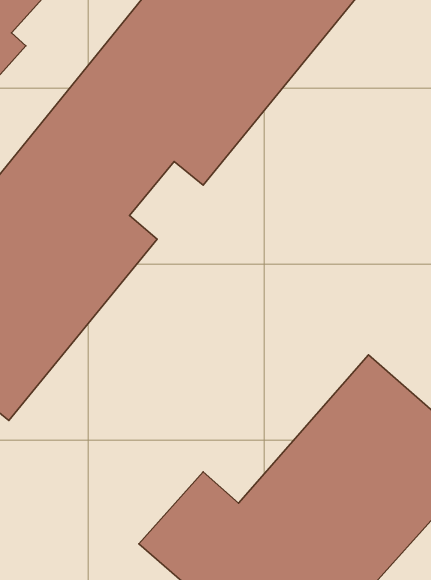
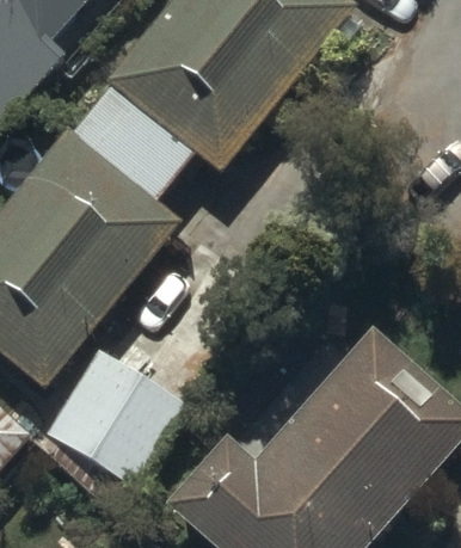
building: none -> [41,364,177,498]

